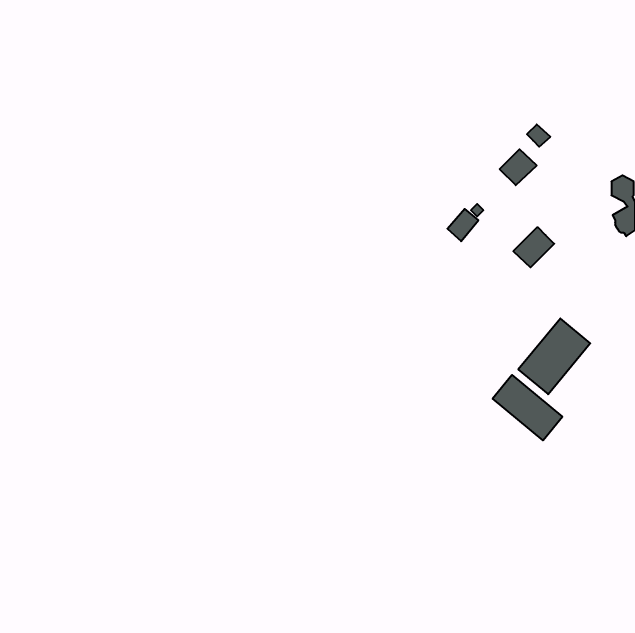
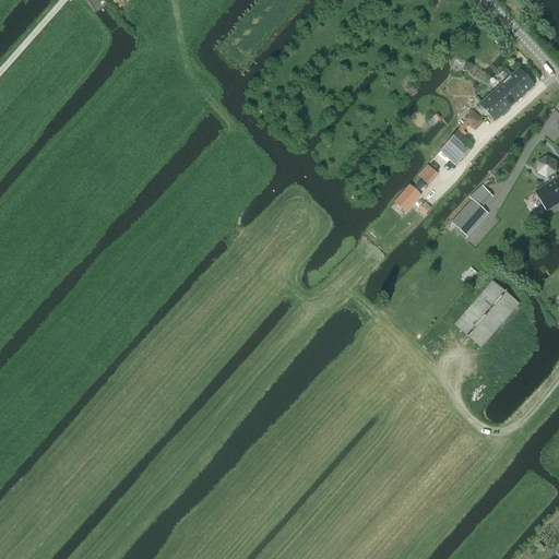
building: none -> [479,68,534,120]
building: [493,375,562,440] -> none

